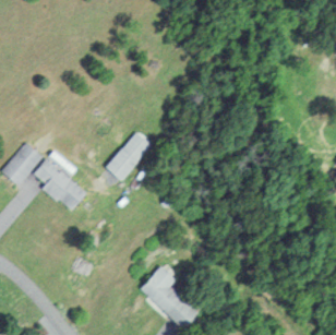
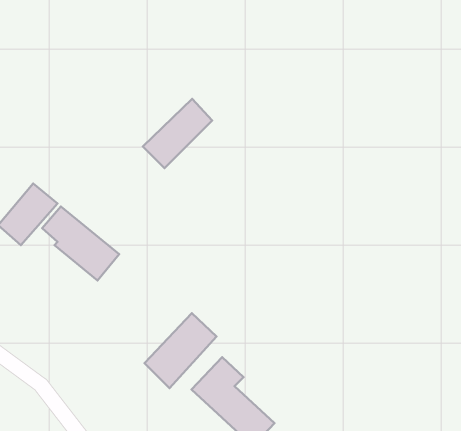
building: [105,131,154,180] -> [143,99,212,168]
building: none -> [145,313,217,388]

